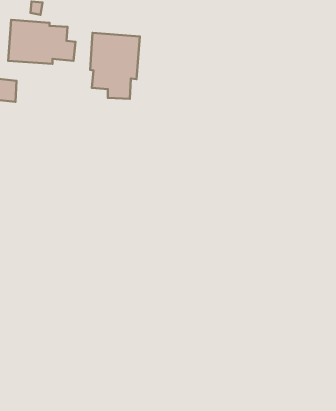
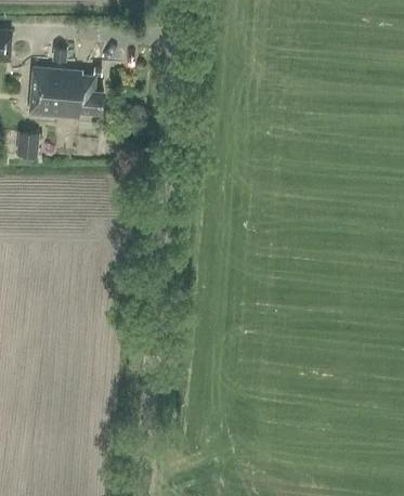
building: [90,33,140,99] -> none

